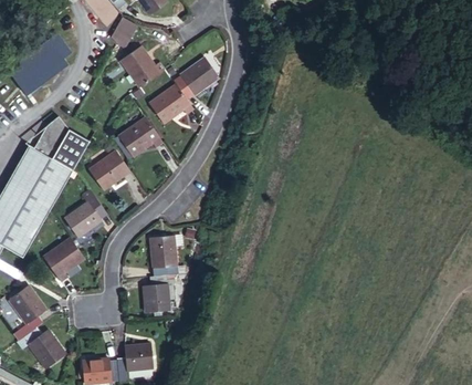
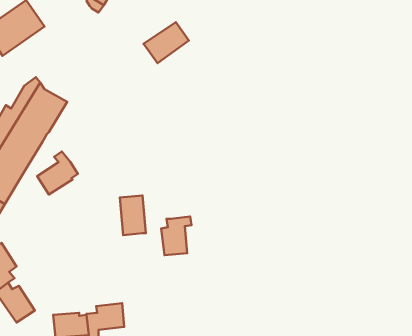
building: [120,48,162,87] -> none
building: [149,84,192,123] -> none
building: [118,117,162,157] -> none
building: [88,149,128,186] -> none
building: [39,236,80,279] -> none
building: [140,274,171,314] -> [161,217,191,255]

